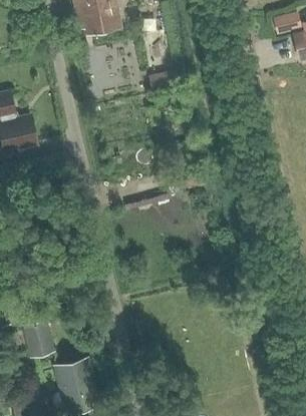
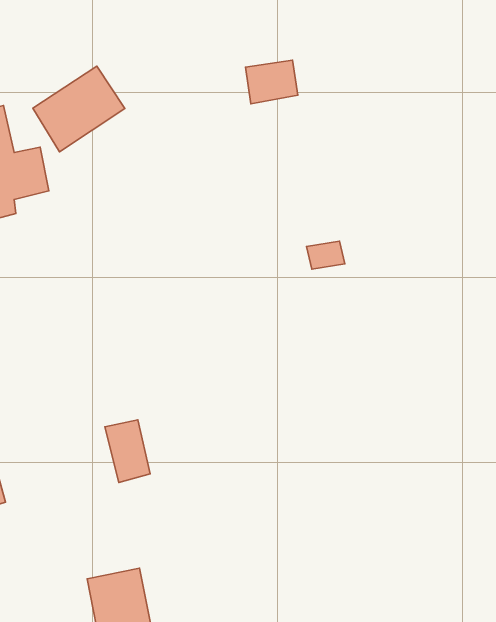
building: none -> [33,66,125,152]
building: [25,320,51,356] -> [105,420,150,483]

